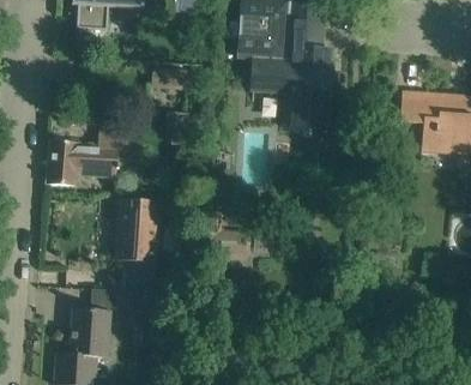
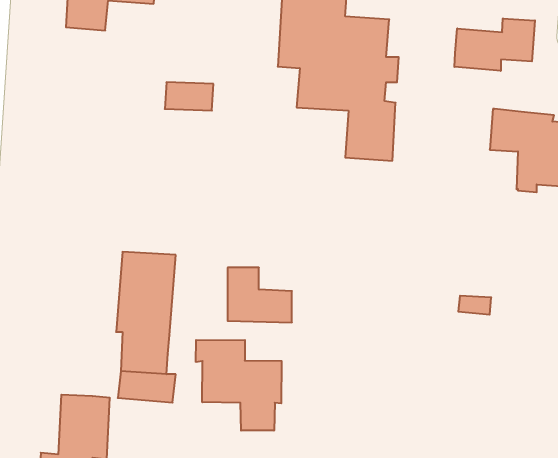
building: none -> [454,18,535,71]
building: [46,128,117,185] -> none
building: none -> [196,340,282,431]

